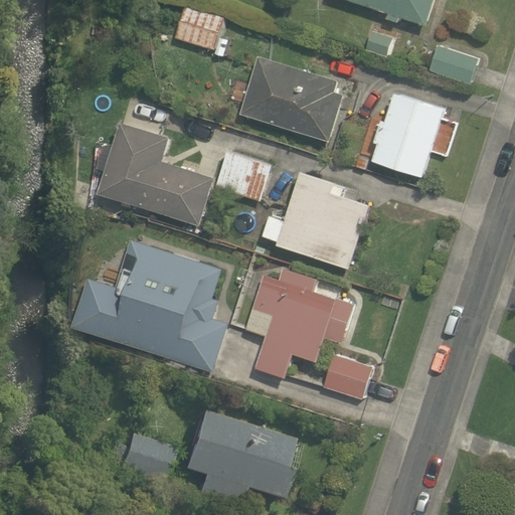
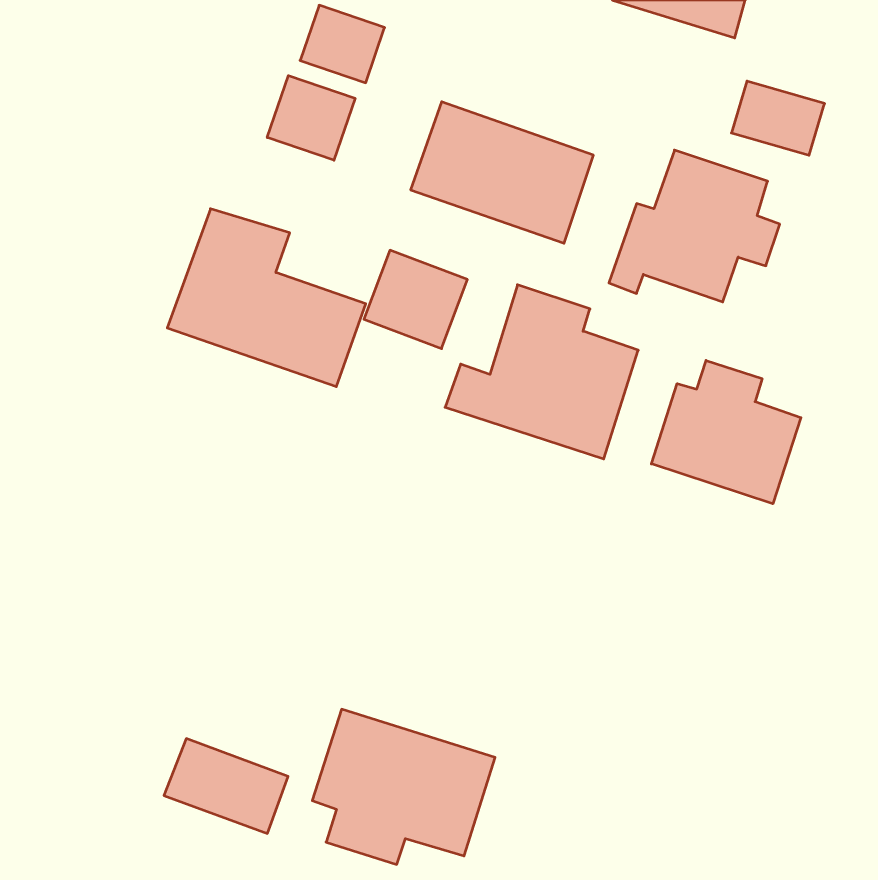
building: none -> [267,76,355,160]
building: none -> [651,360,801,504]
building: [69,239,228,374] -> none
building: [235,259,377,403] -> none

